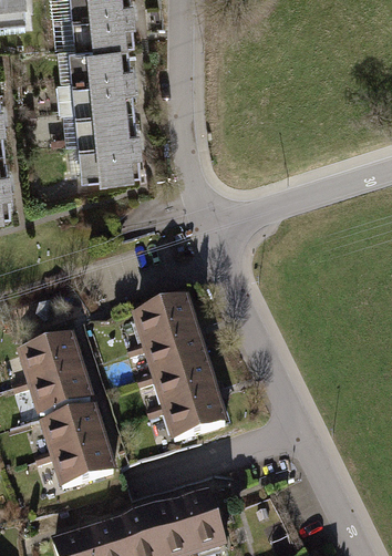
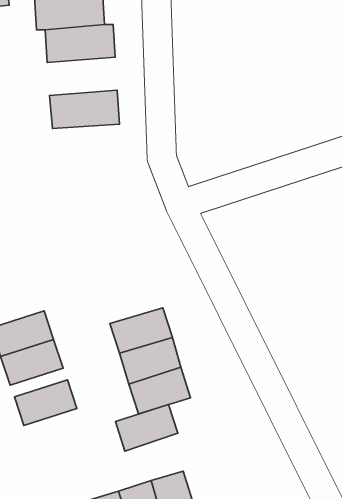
building: [72,68,145,107] -> none
building: [78,137,151,176] -> none
building: [128,297,193,346] -> none
building: [48,434,113,483] -> [115,405,178,451]

